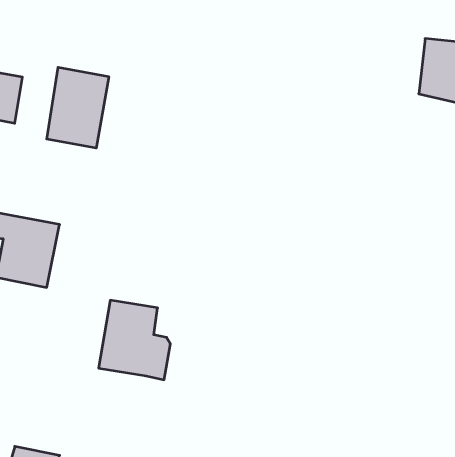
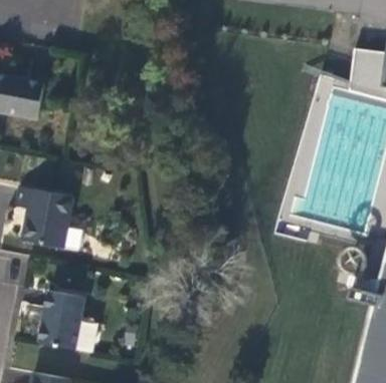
building: [47,67,109,148] -> none
building: [99,300,170,380] -> [40,289,96,351]

